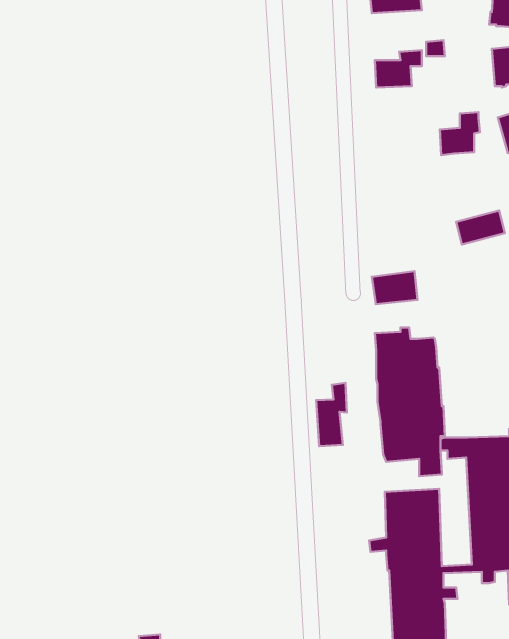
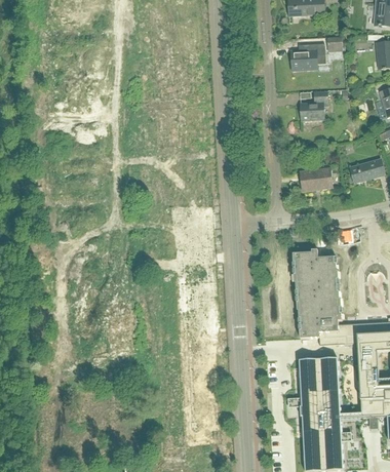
building: [440,112,480,155] -> [300,90,328,121]
building: [372,271,417,304] -> [300,167,333,191]
building: [316,383,347,446] -> none

